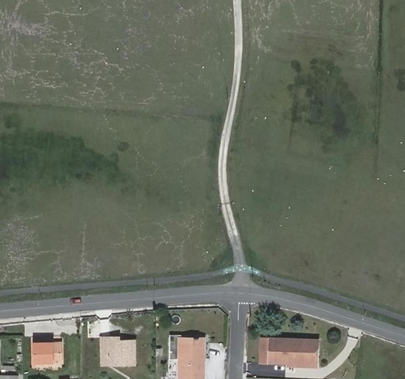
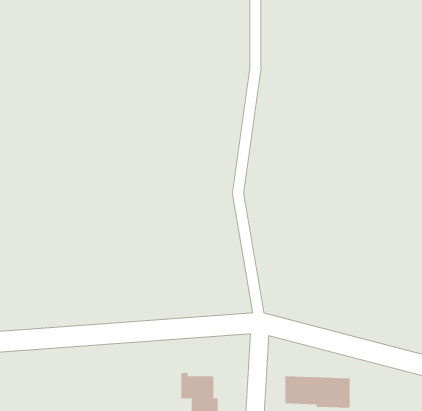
building: [101,337,134,364] -> none
building: [35,342,61,362] -> none

